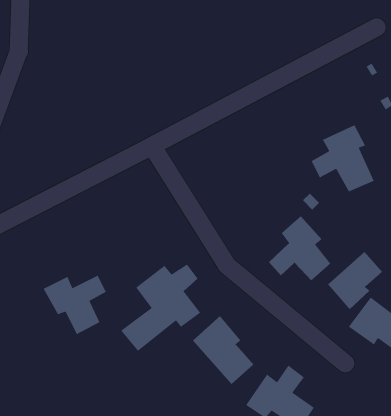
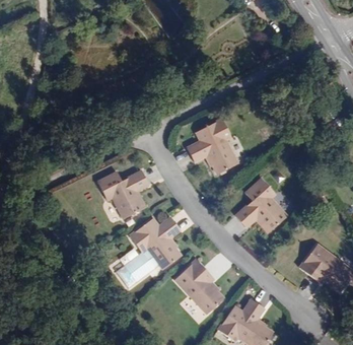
building: [310,124,375,192] -> [187,119,238,174]
building: [327,251,383,310] -> none
building: [42,275,107,335] -> [96,170,148,219]

